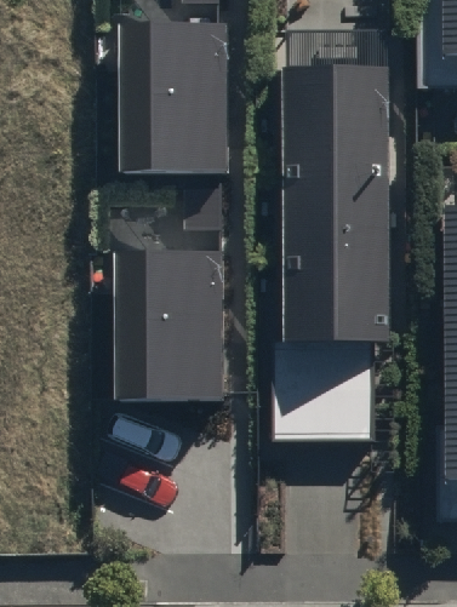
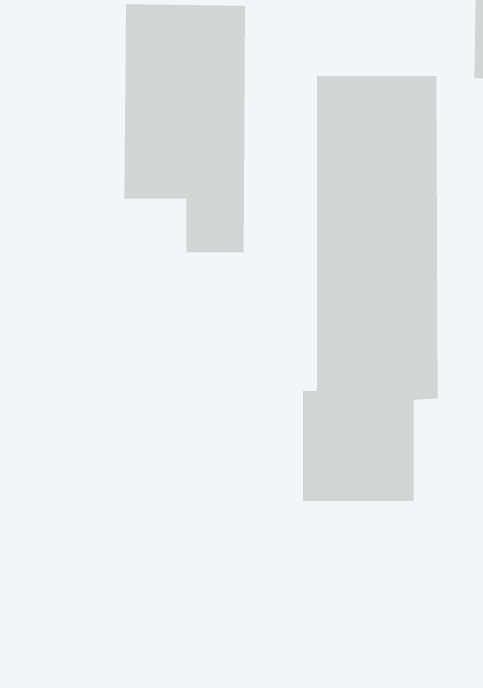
building: [115,234,221,402] -> none

